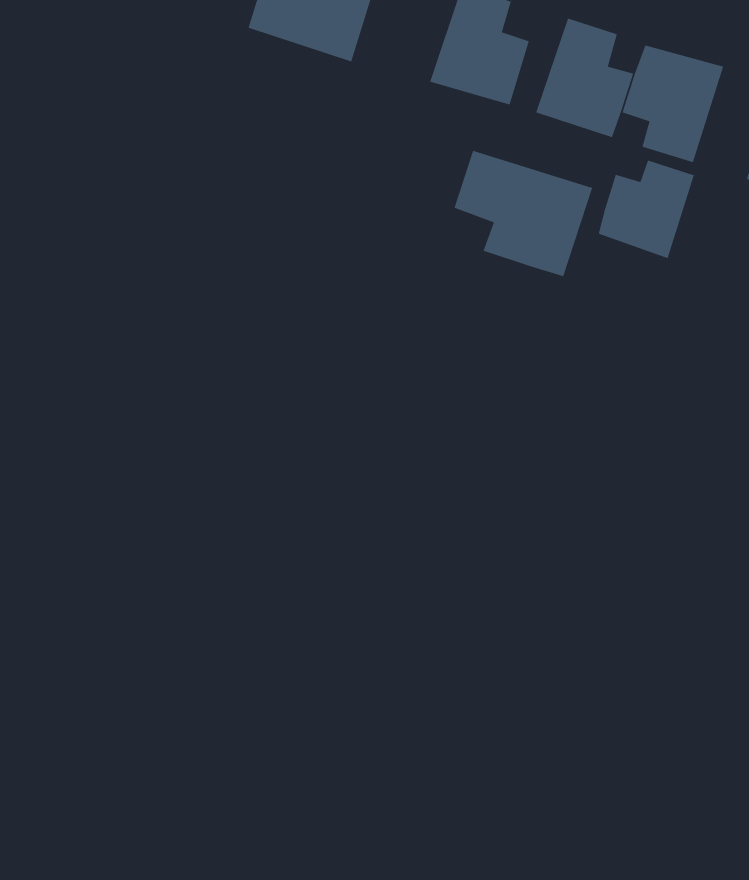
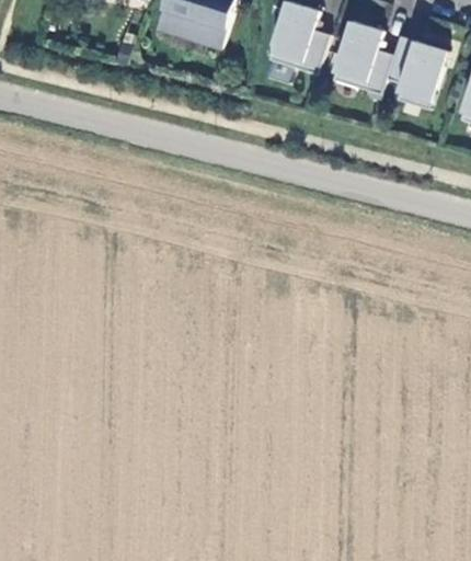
building: [453,150,593,277] -> none
building: [598,160,695,259] -> none

